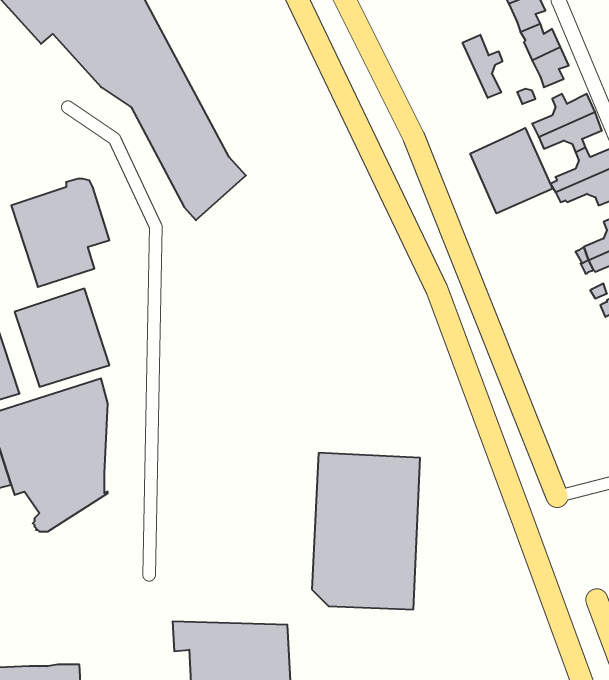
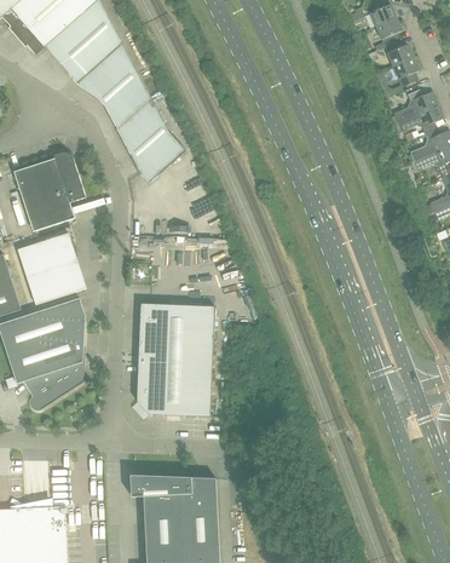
building: [463,35,502,98] -> none
building: [470,128,553,213] -> none
building: [312,453,420,609] -> [135,301,214,415]

